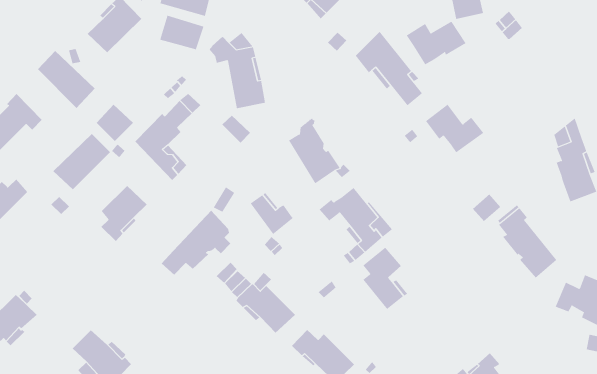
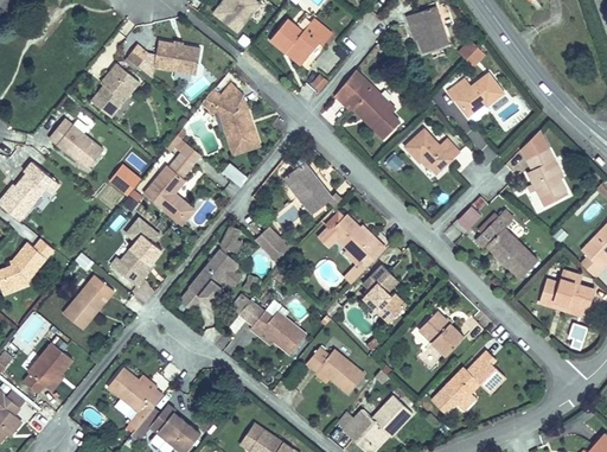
building: [160,15,204,50] -> none
building: [406,21,467,65] -> [447,74,503,116]
building: [53,133,111,190] -> [62,275,113,329]
building: none -> [417,311,464,356]

